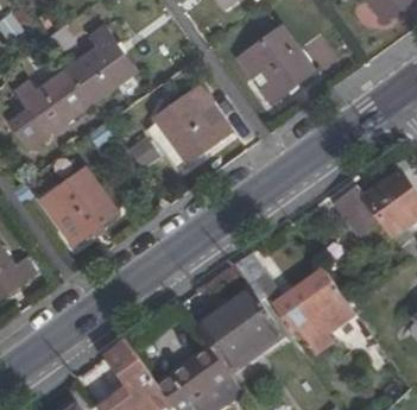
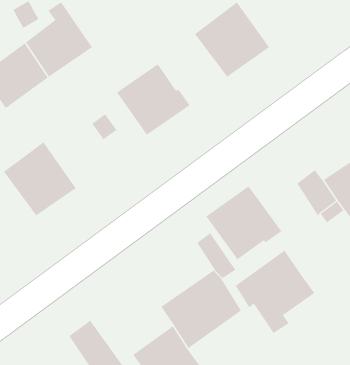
building: none -> [206,185,282,260]

